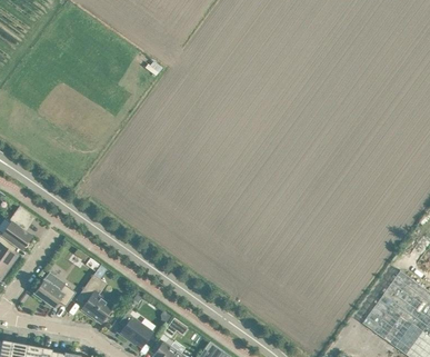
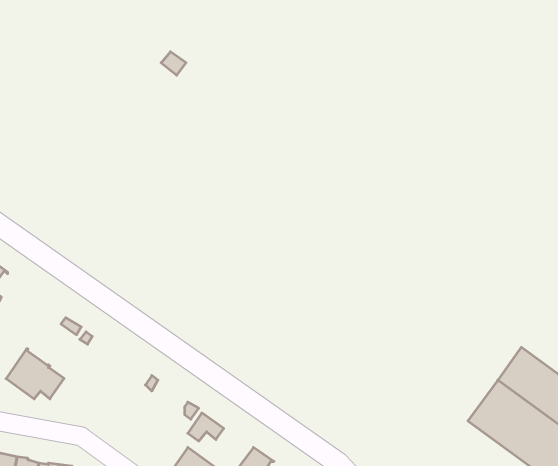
building: [76,275,112,324] -> none
building: [119,311,153,348] -> none

